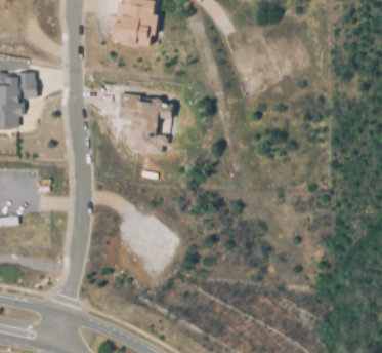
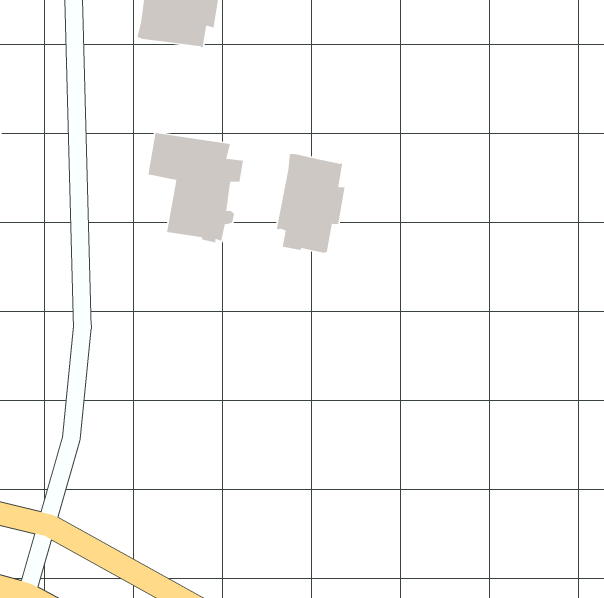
building: none -> [276,153,345,253]

